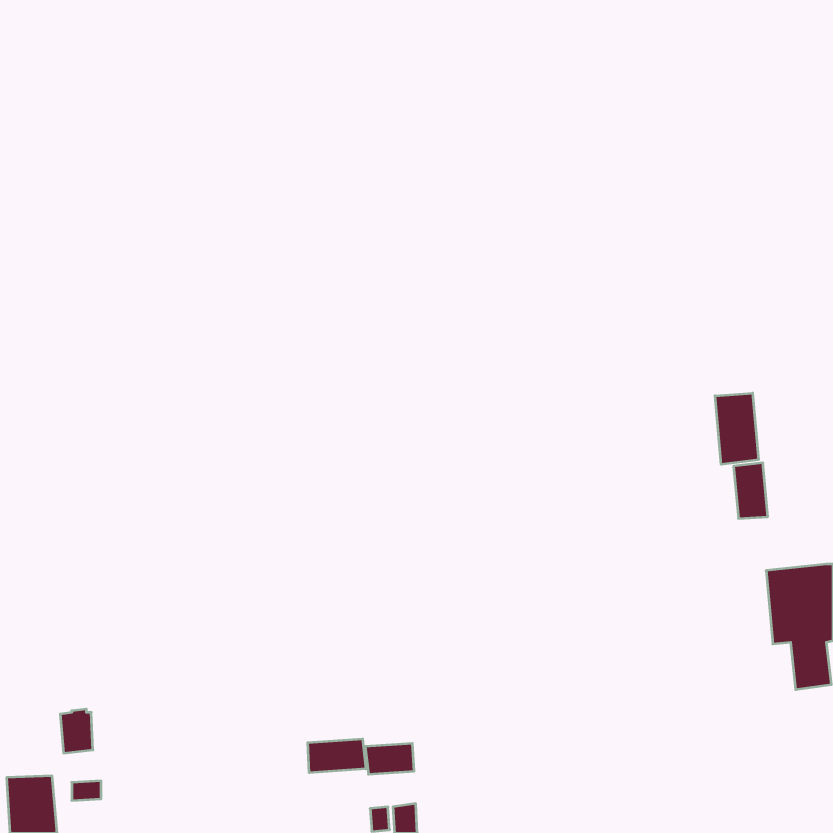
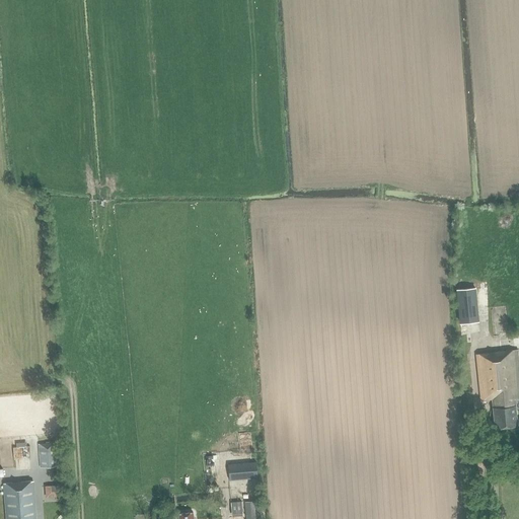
building: [715,393,758,464] -> none
building: [308,739,366,773] -> none

